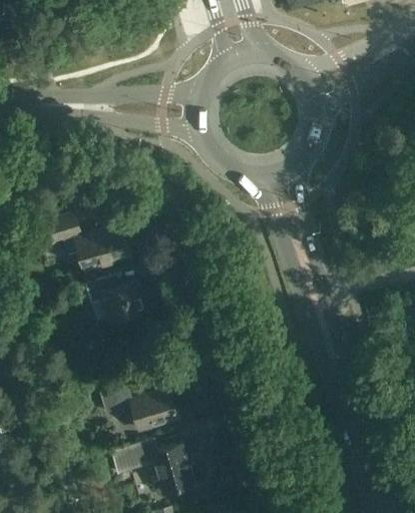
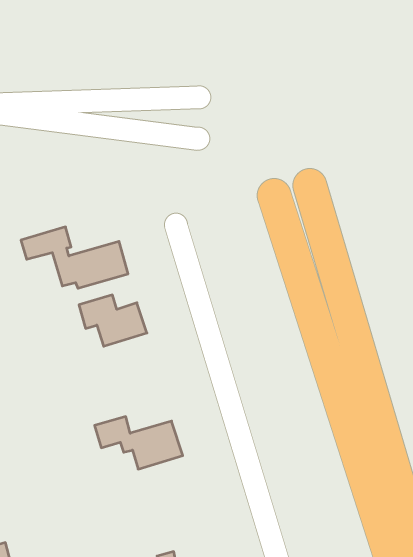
building: [108,441,192,495] -> none

